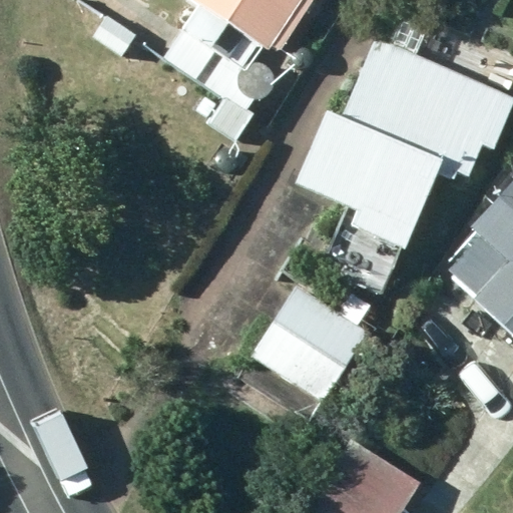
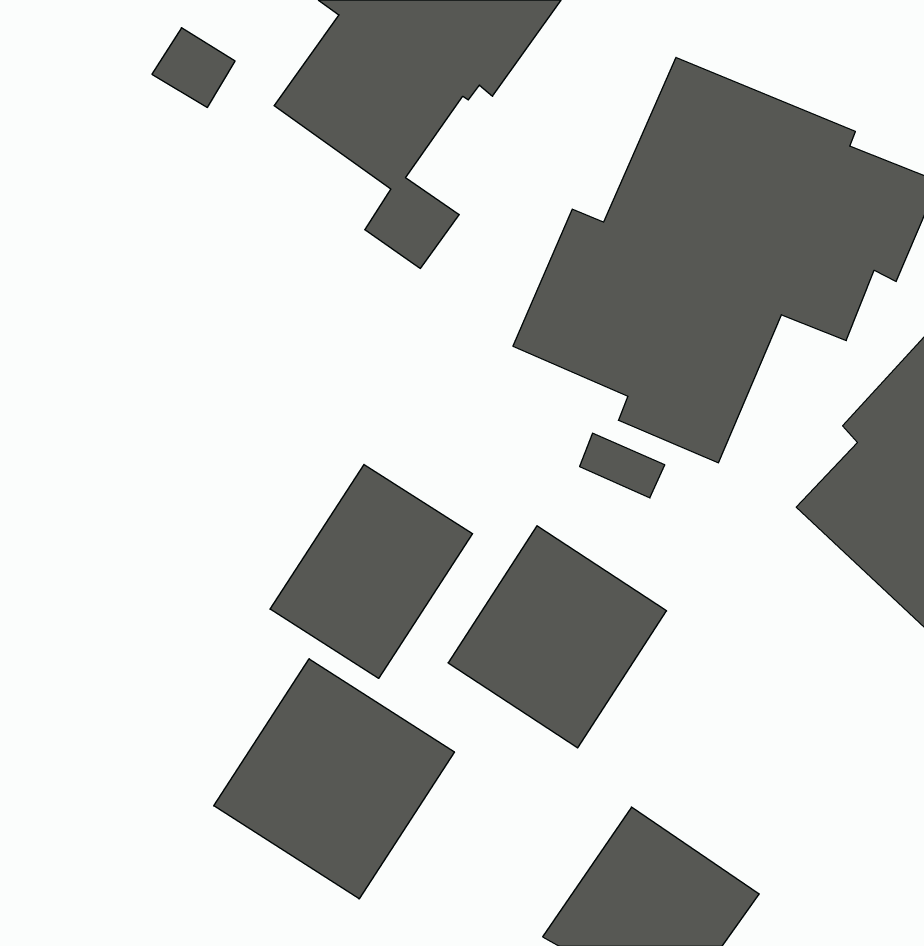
building: none -> [270,464,473,678]
building: none -> [214,659,454,899]

